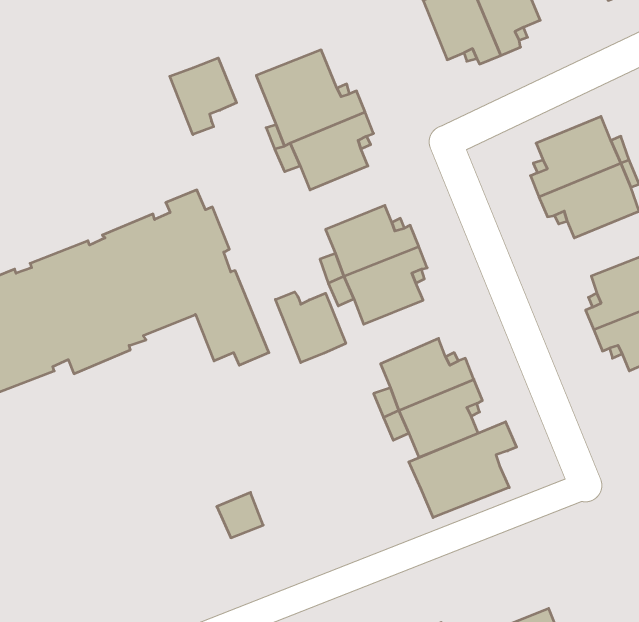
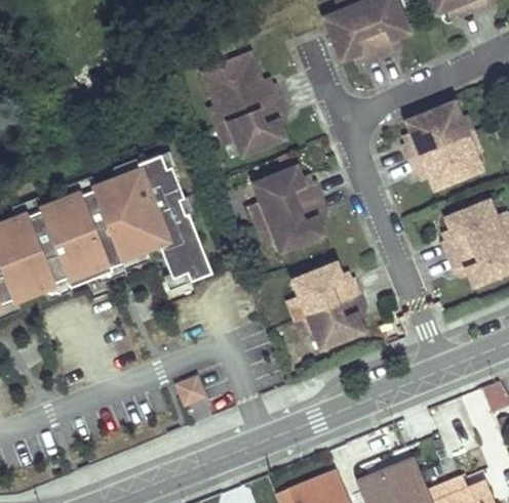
building: [170,58,237,135] -> none
building: [275,292,346,363] -> none
building: [409,422,517,518] -> none

